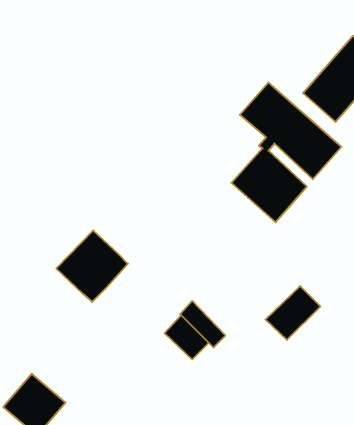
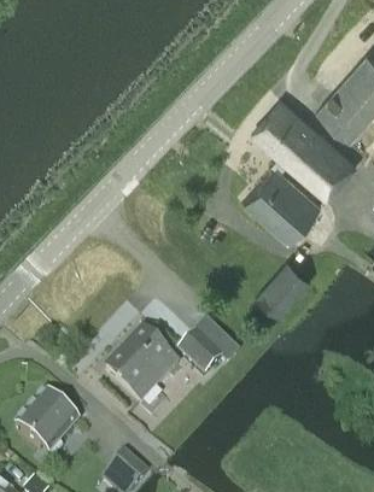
building: [56,230,128,302] -> [105,333,177,405]
building: [265,286,320,340] -> [257,262,312,316]

